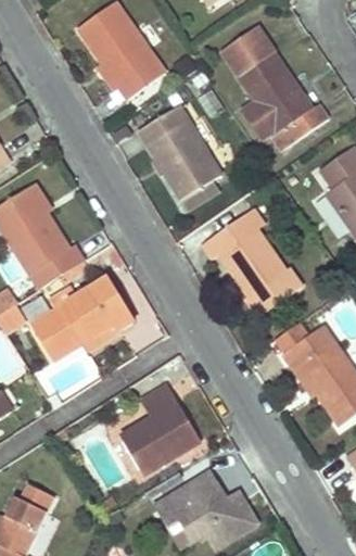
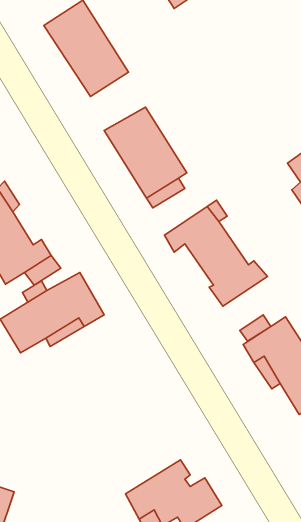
building: [221,23,329,149] -> none
building: [120,384,201,478] -> none

